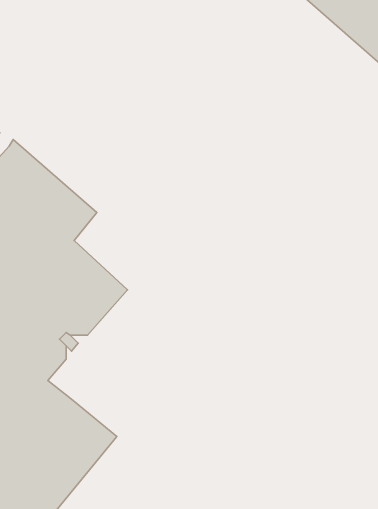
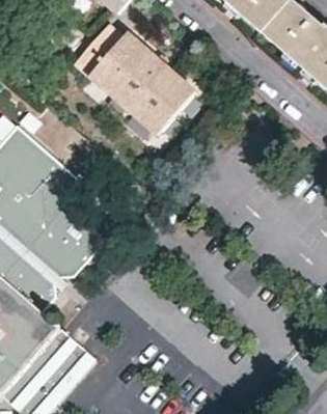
building: none -> [72,25,192,136]

